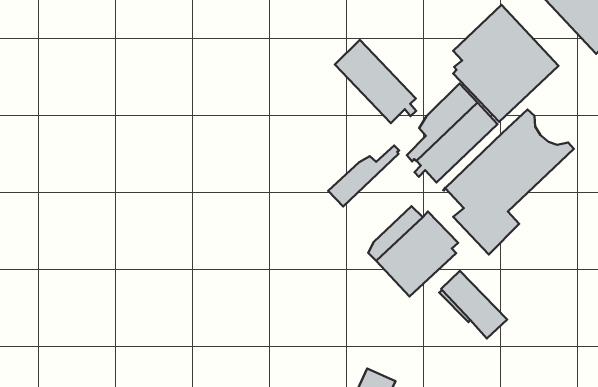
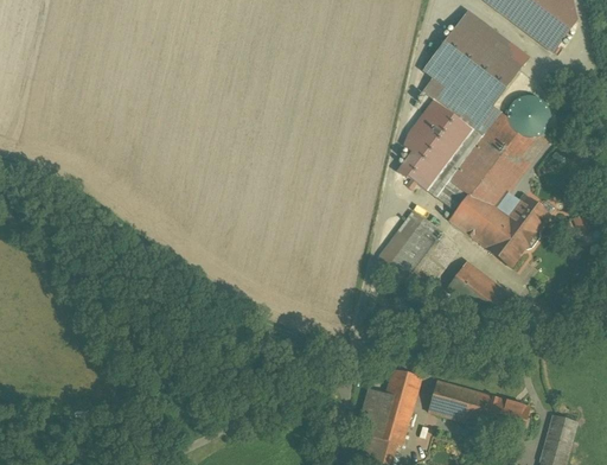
building: [335,40,416,123] -> none
building: none -> [506,94,550,138]
building: [328,146,399,207] -> none
building: none -> [486,195,549,265]

